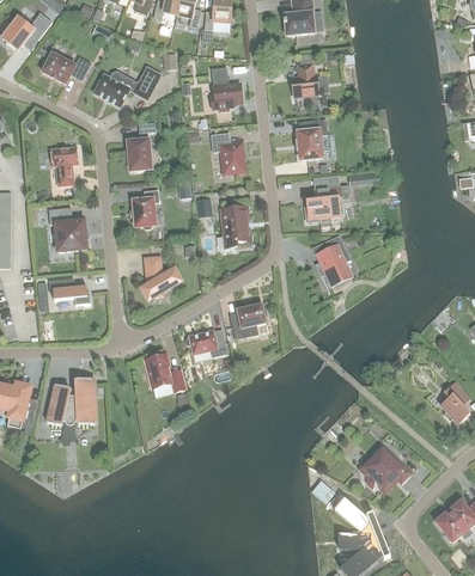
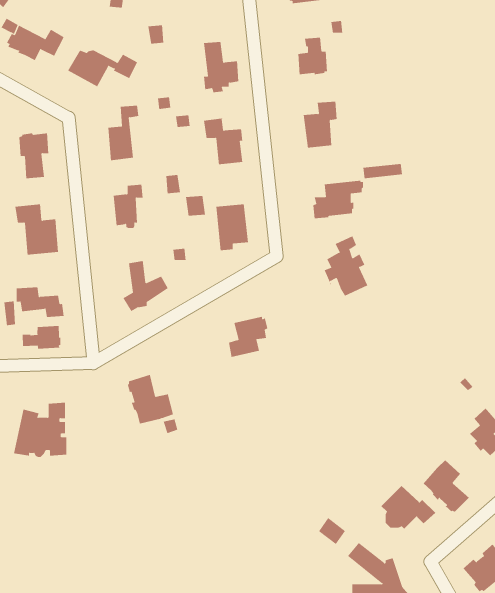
building: none -> [22,325,61,349]
building: [185,329,227,356] -> none
building: none -> [423,459,470,513]

